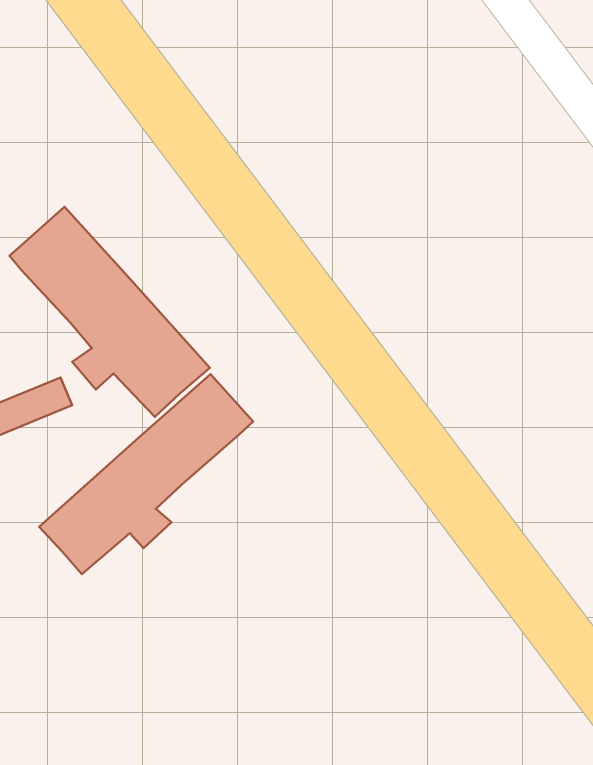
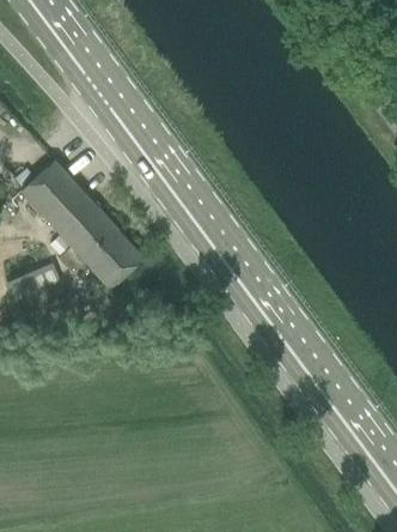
building: [39,374,253,574] -> none

